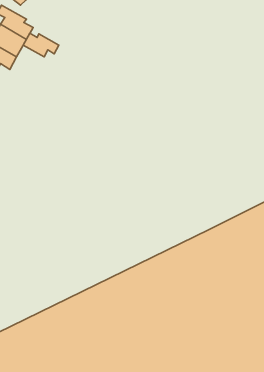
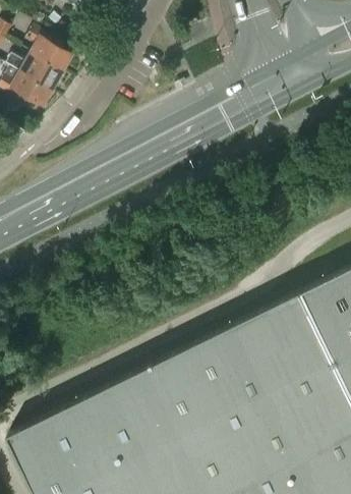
building: [23,33,59,57] -> none

